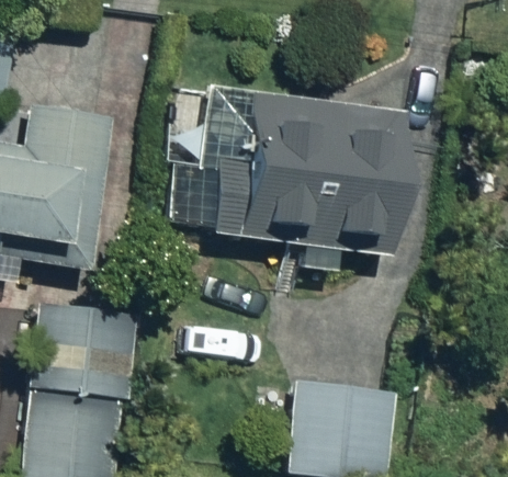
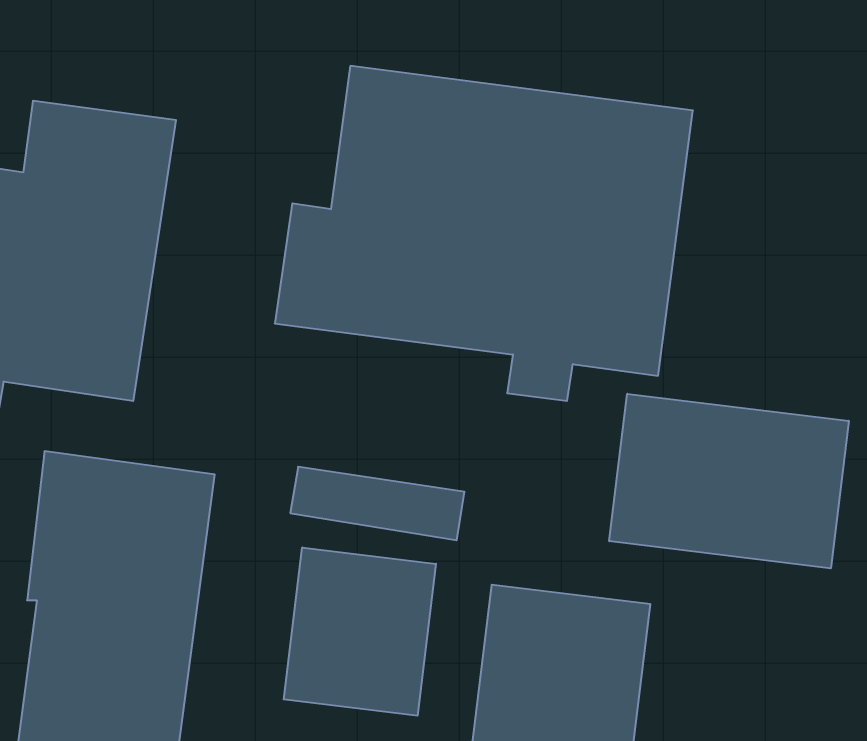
building: none -> [609,394,849,568]
building: none -> [284,547,436,716]

